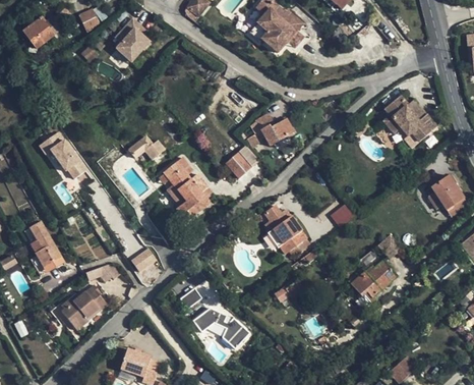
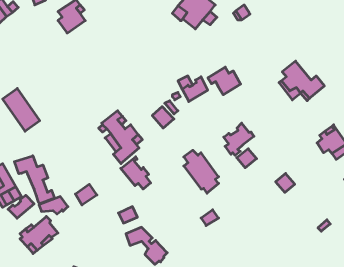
building: none -> [208,67,241,95]
building: [129,136,166,158] -> none
building: none -> [224,123,254,155]
building: none -> [14,156,54,204]
building: none -> [121,157,151,189]
building: [350,257,397,308] -> none
building: none -> [8,195,34,218]

